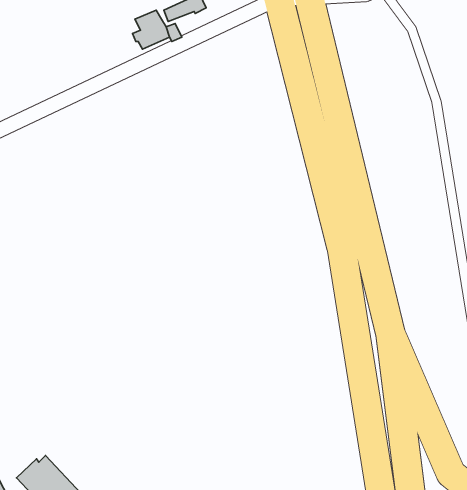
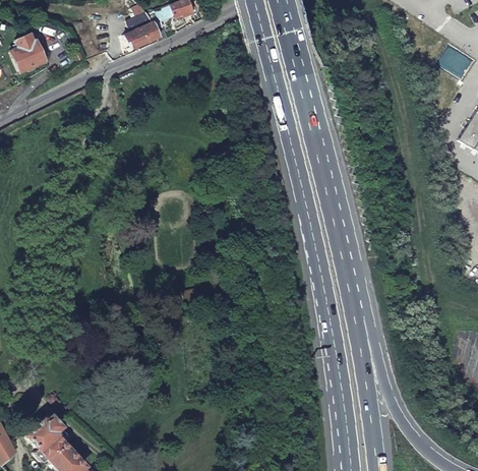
building: none -> [13,34,47,71]

